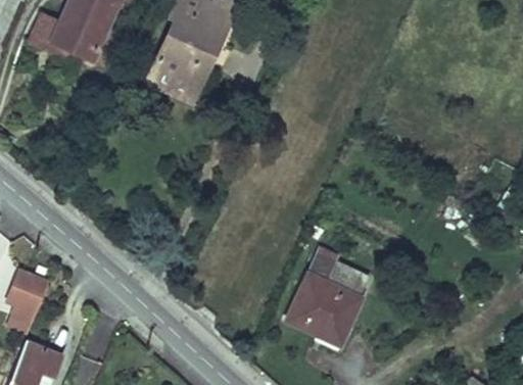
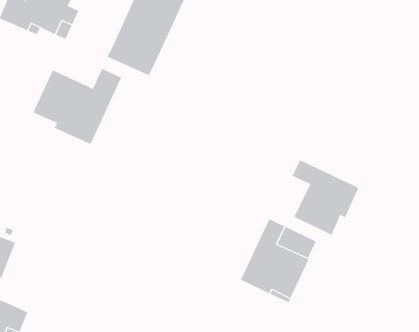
building: none -> [33,68,122,145]
building: none -> [292,160,359,235]

